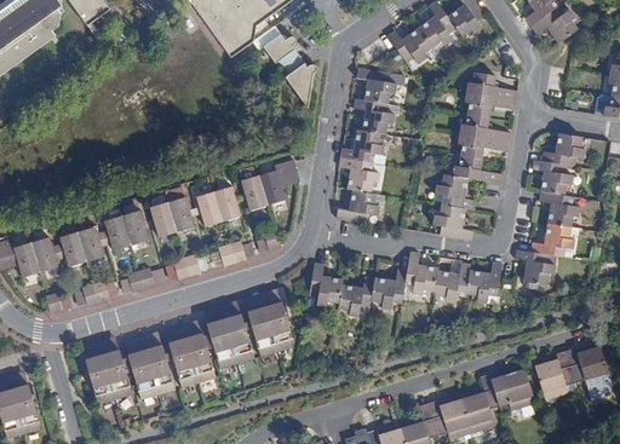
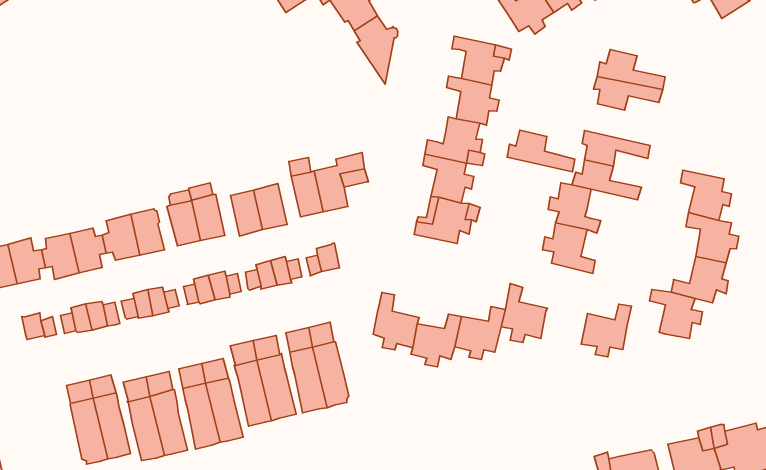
building: [459,113,510,142] -> [507,130,575,172]
building: [541,132,585,166] -> none
building: [434,261,470,302] -> none

